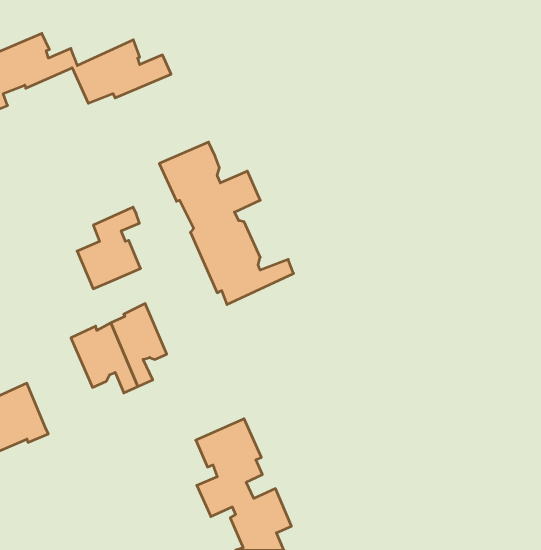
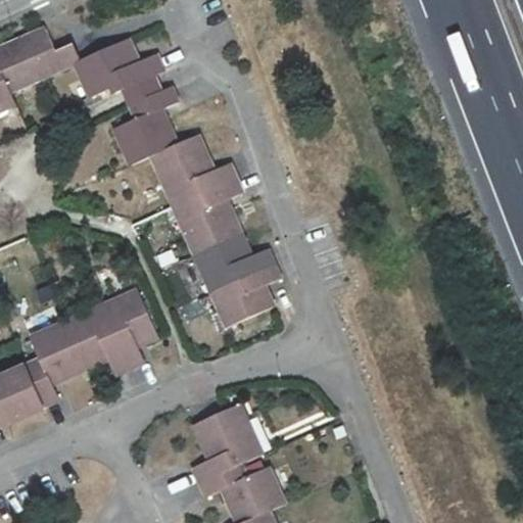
building: [77,207,141,289] -> [116,86,177,163]
building: none -> [216,259,285,325]
building: none -> [26,321,88,408]

